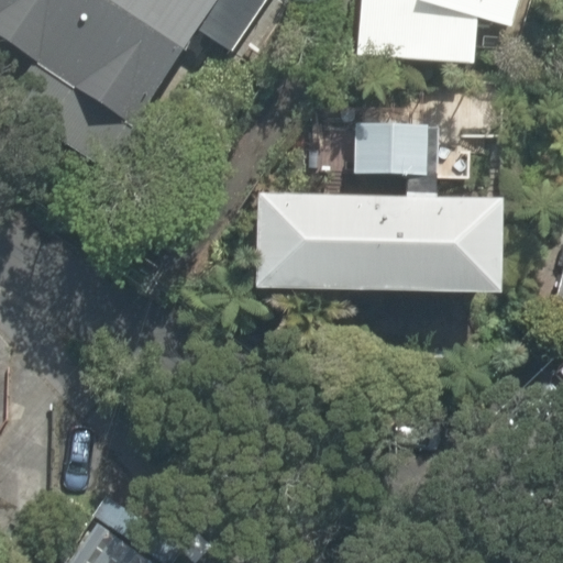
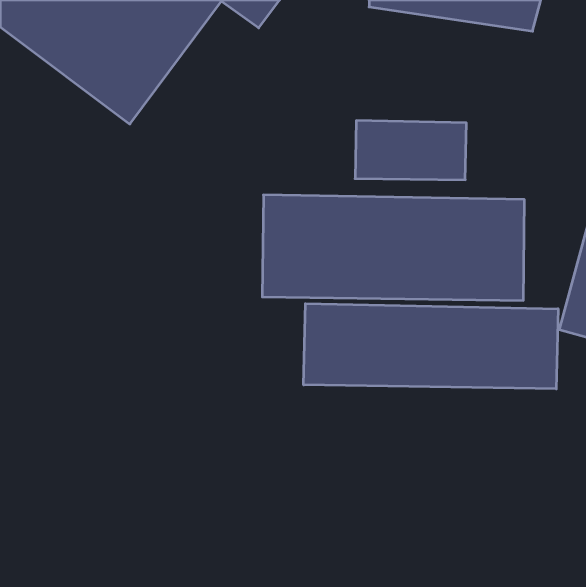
building: none -> [304,304,558,389]

